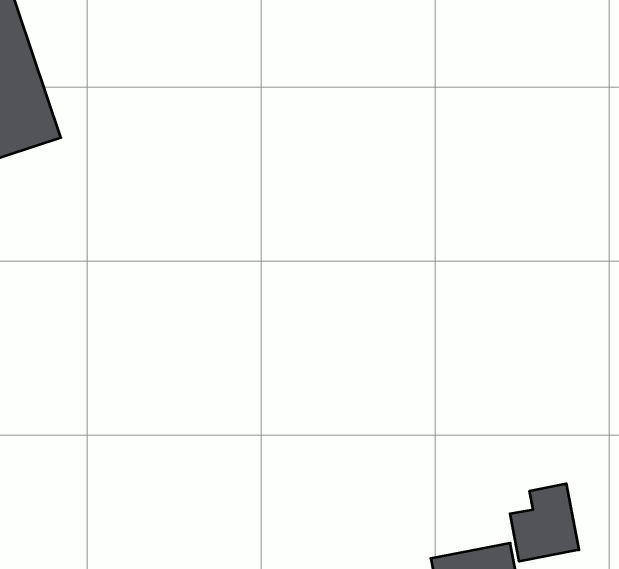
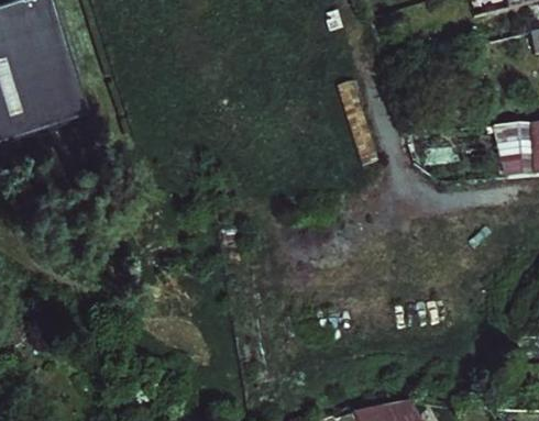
building: [510,484,579,561] -> none

